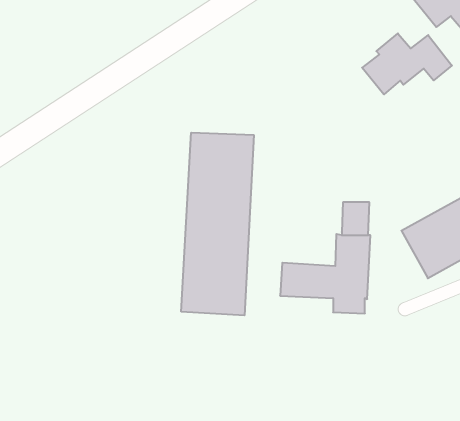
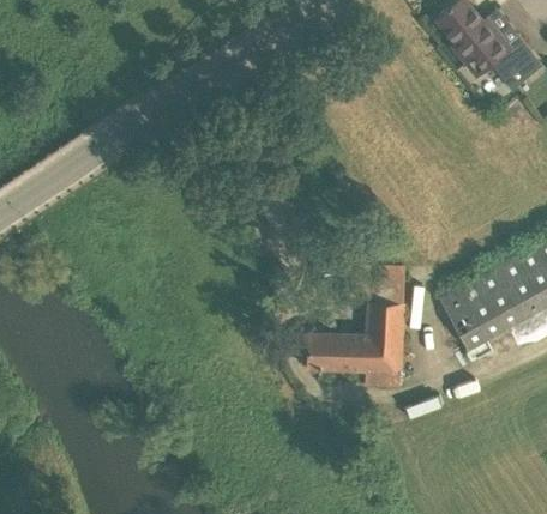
building: [362,33,452,94] -> none
building: [181,133,254,315] -> none

